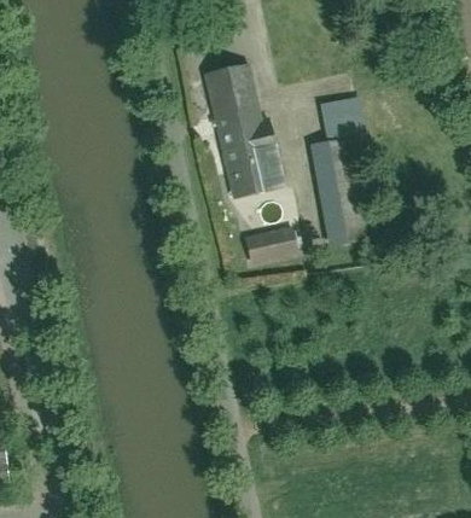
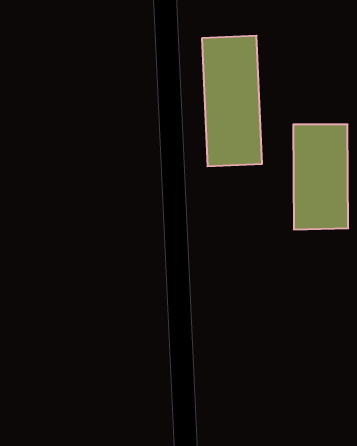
building: [324,95,364,136] -> none
building: [245,226,296,260] -> none

